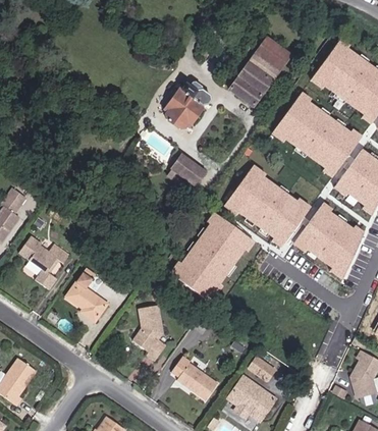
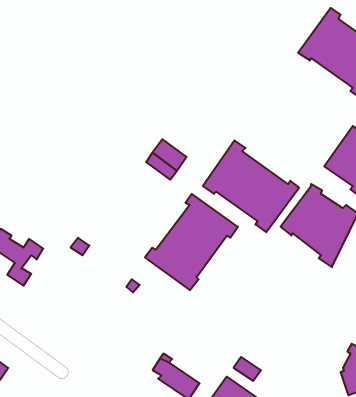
building: [231,42,290,110] -> none
building: [168,85,214,137] -> none
building: [270,89,360,174] -> none
building: [68,275,110,325] -> none
building: [134,311,166,362] -> none

